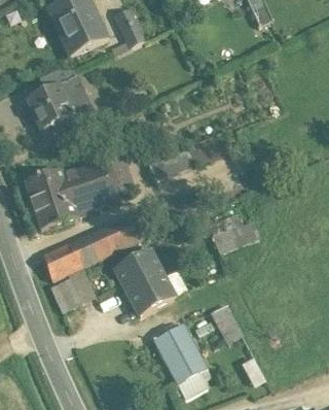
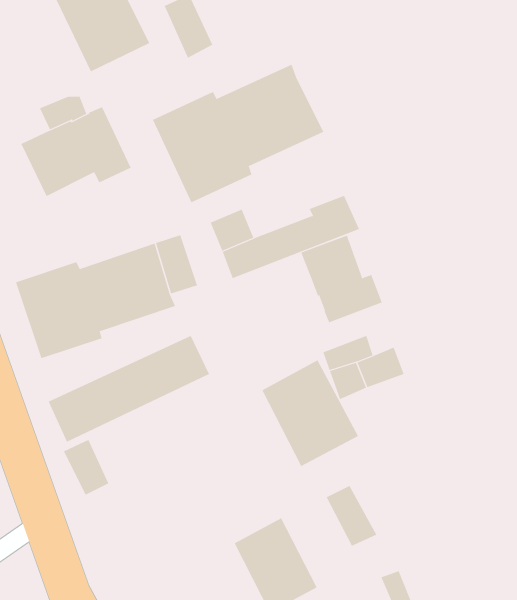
building: none -> [152,64,324,203]
building: none -> [301,235,382,323]
building: [116,250,175,315] -> [262,359,359,467]

